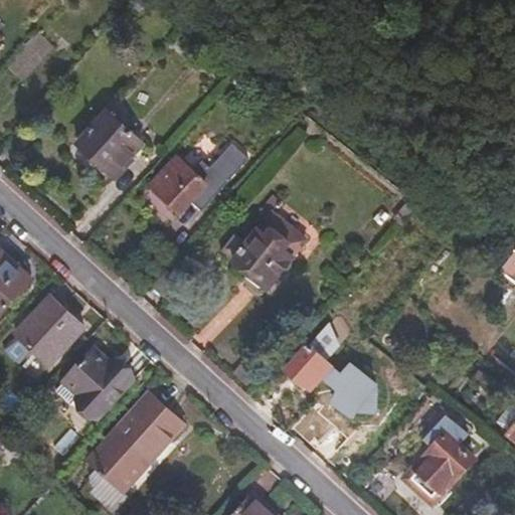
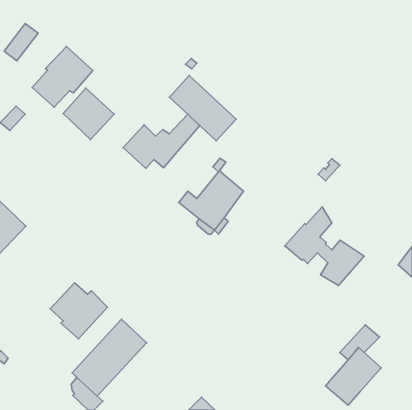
building: none -> [32,46,93,107]
building: none -> [169,76,236,141]
building: [17,299,82,364] -> none
building: [284,324,382,421] -> [285,207,364,285]

